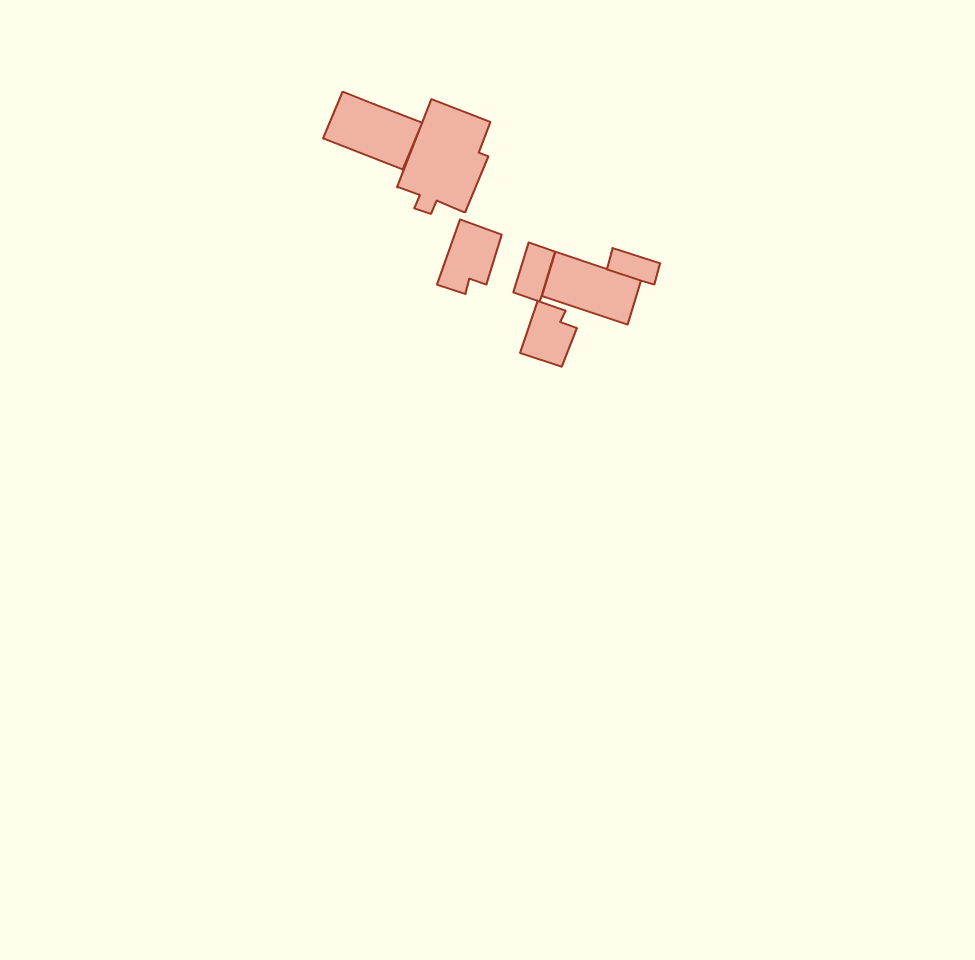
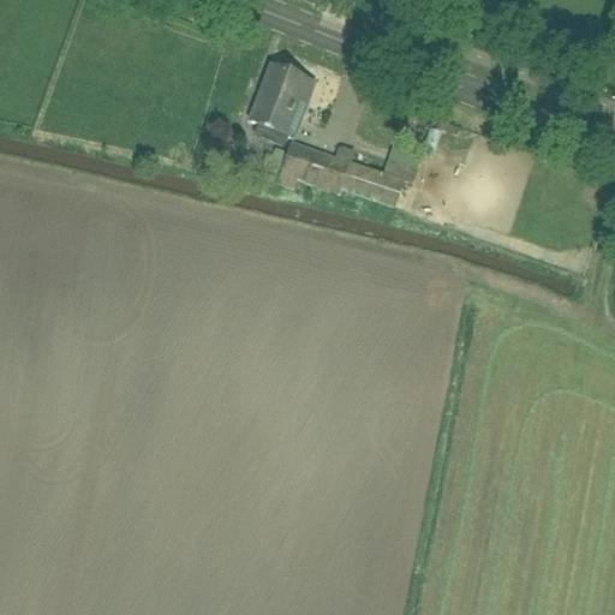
building: [323,92,422,170] -> none
building: [520,301,577,367] -> none

